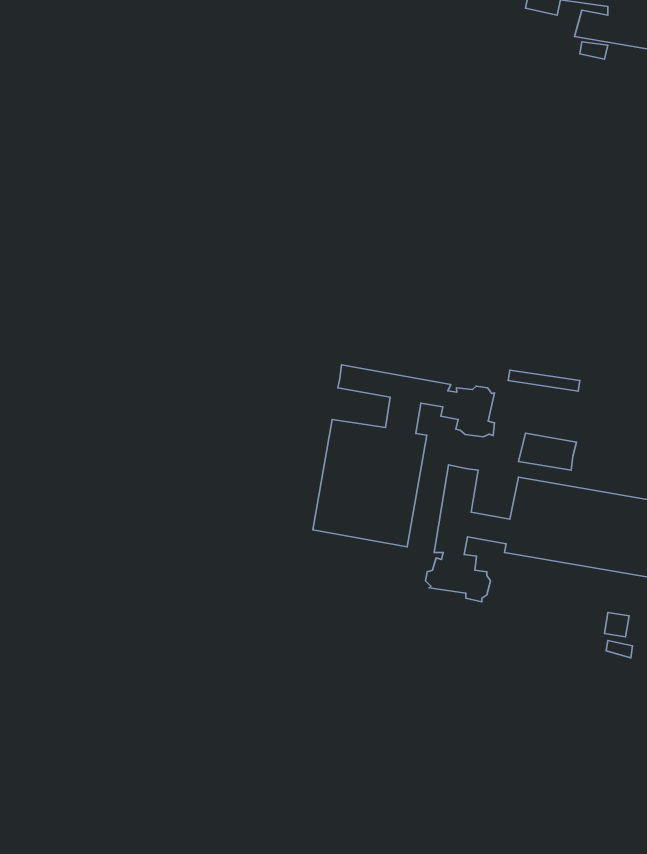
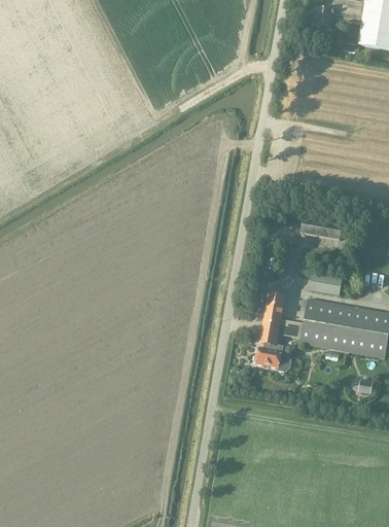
building: none -> [302,217,343,239]
building: [313,365,495,547] -> none

